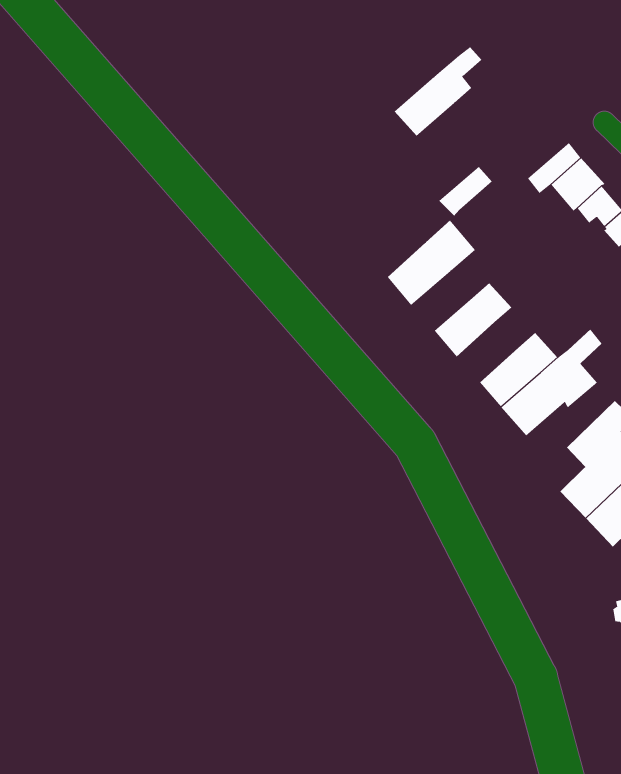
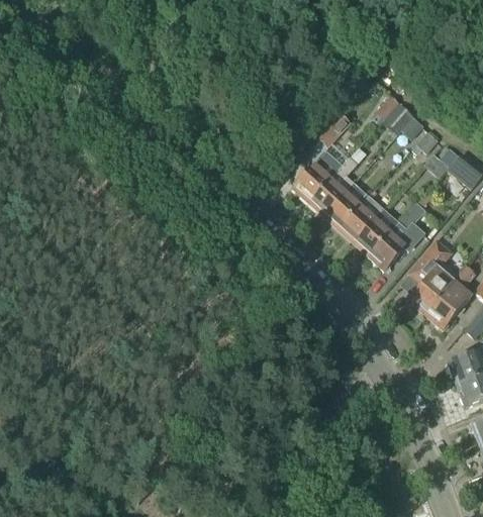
building: [394,46,482,136] -> [309,158,358,214]
building: none -> [340,195,384,241]

